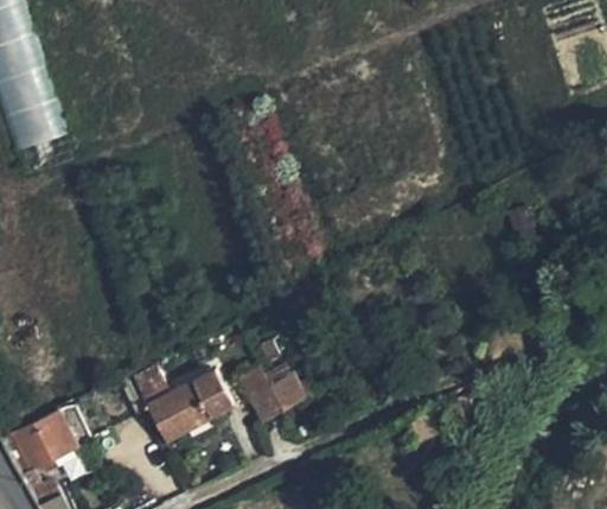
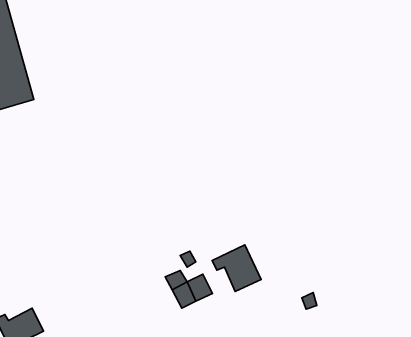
building: none -> [212,245,261,292]
building: [132,365,230,440] -> none

